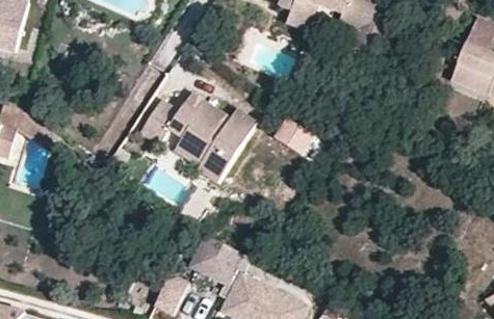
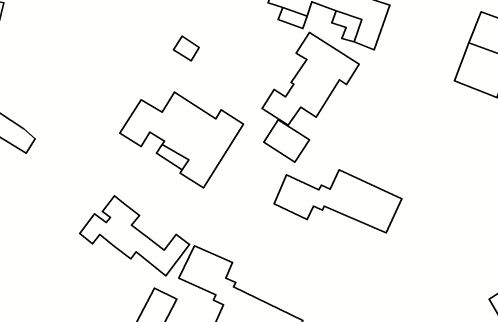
building: none -> [262,32,359,125]
building: none -> [274,170,402,233]
building: none -> [80,196,190,276]

